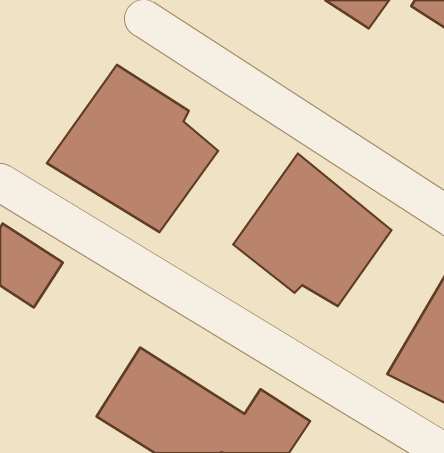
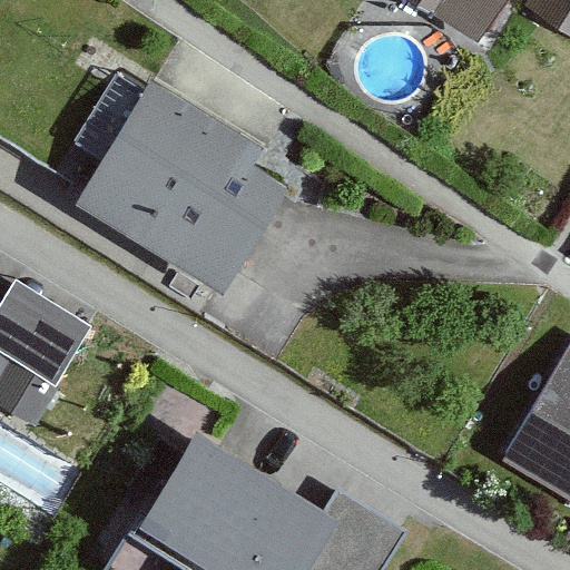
building: [233,154,391,306] -> none

